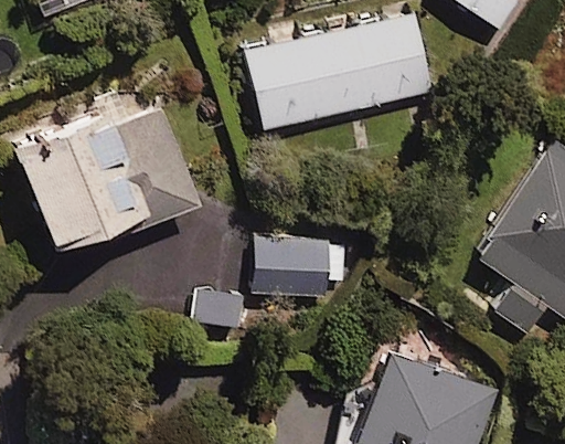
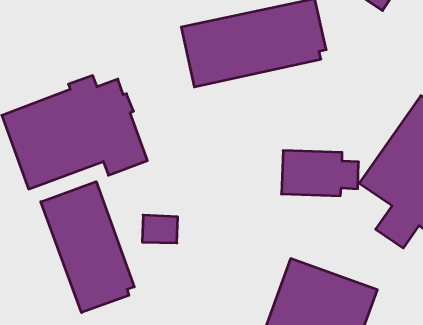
building: [254,237,352,295] -> [281,151,359,196]
building: none -> [41,182,134,313]

